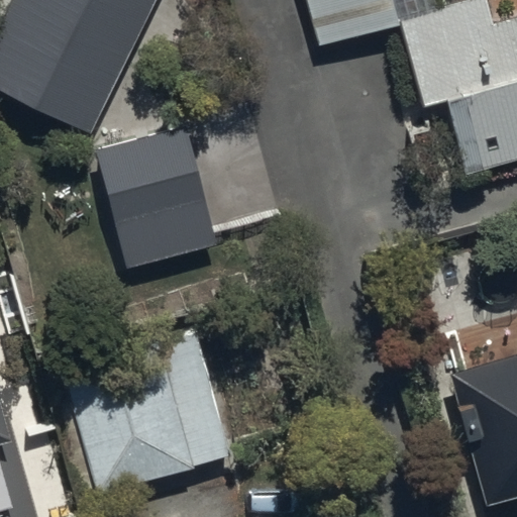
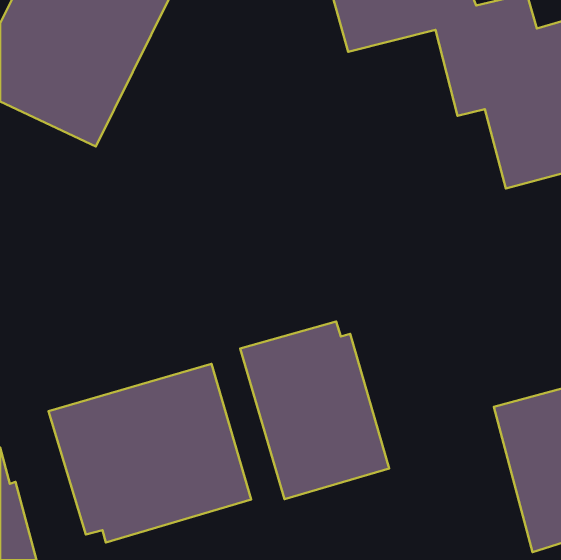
building: [97,126,216,262] -> none
building: none -> [240,322,389,499]

